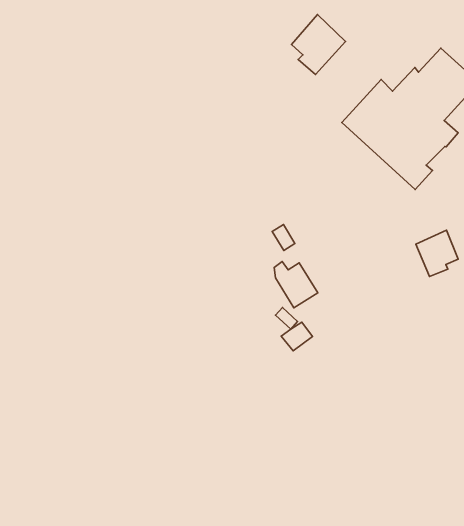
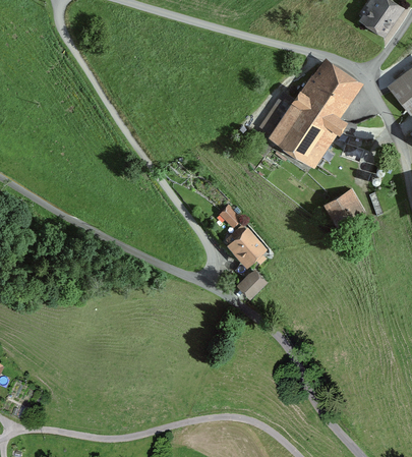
building: [292,15,346,74] -> none

